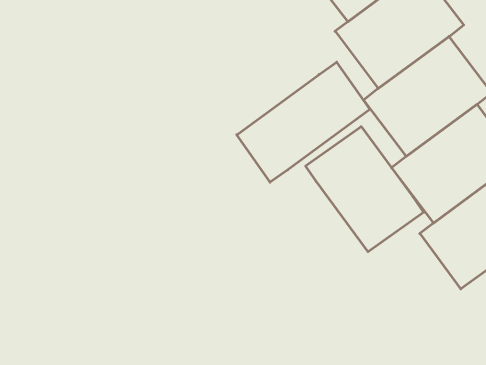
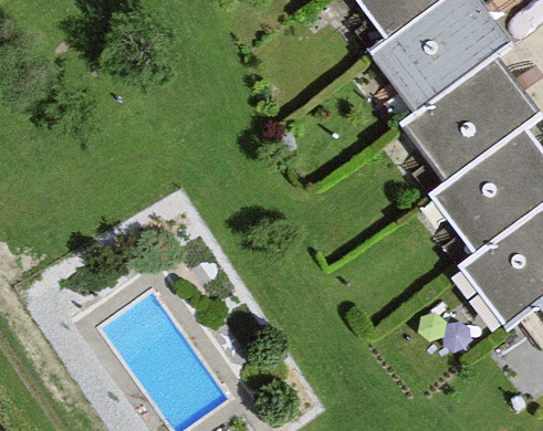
building: [237,62,370,182] -> none
building: [306,127,424,252] -> none

